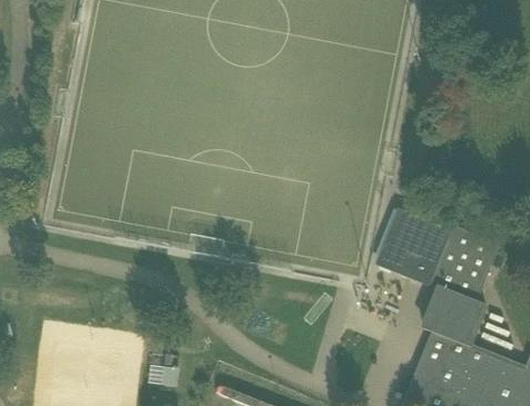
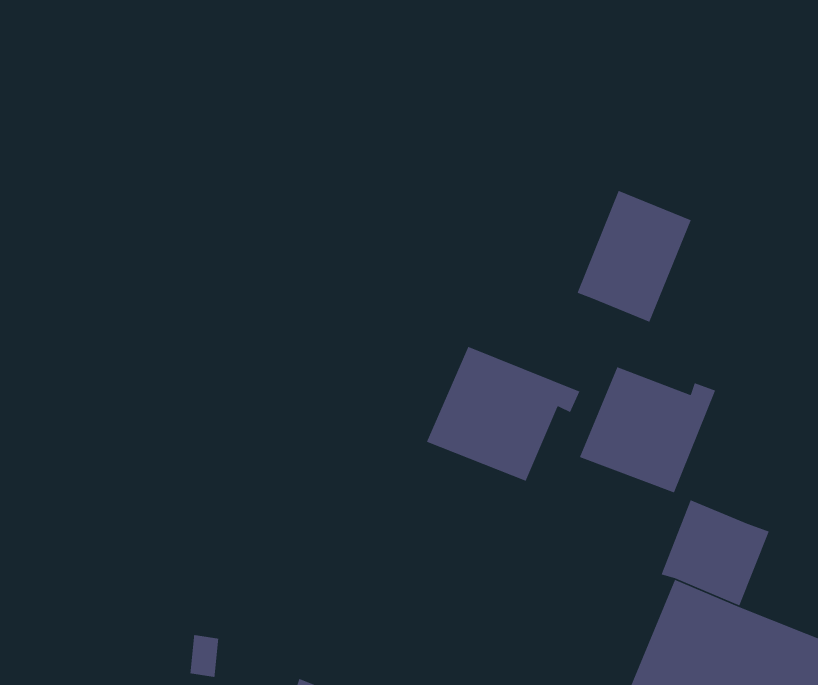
building: none -> [426,346,580,482]
building: [432,226,497,300] -> [576,190,692,323]

